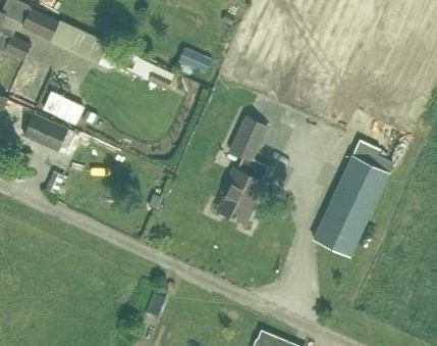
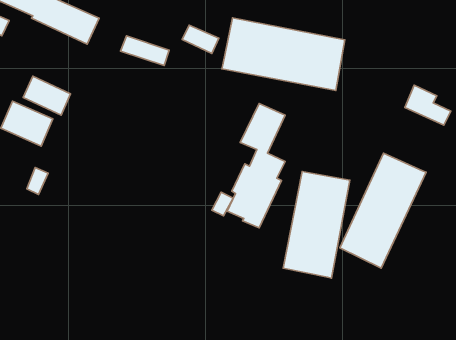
building: none -> [222,18,345,91]
building: [352,139,392,174] -> [405,85,451,125]
building: none -> [283,172,350,278]

